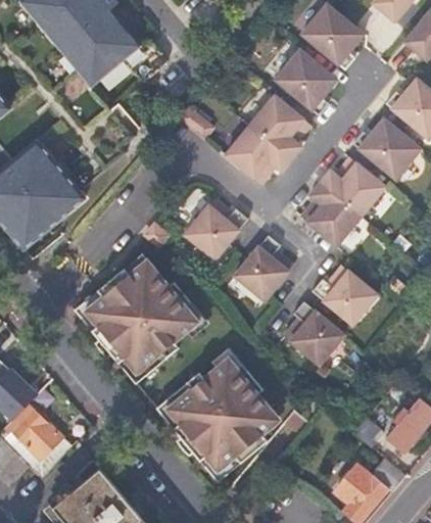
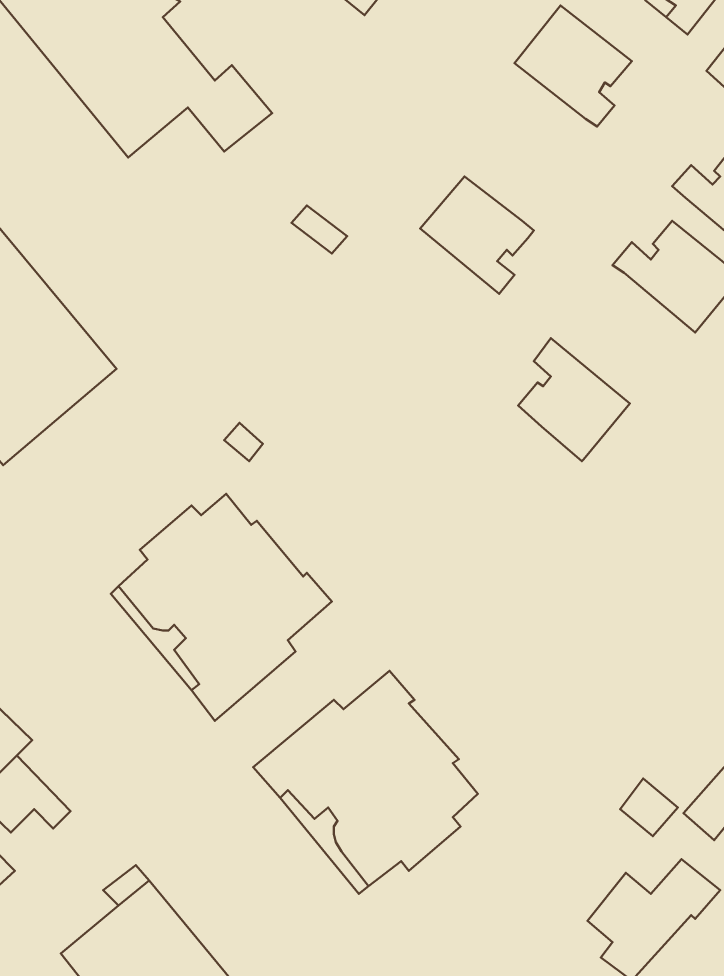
building: [271,49,334,113] -> none
building: [222,123,289,184] -> none
building: [317,156,382,216] -> none
building: [181,200,246,262] -> none
building: [231,234,291,301] -> none
building: [309,266,374,323] -> none
building: [282,300,343,364] -> none

